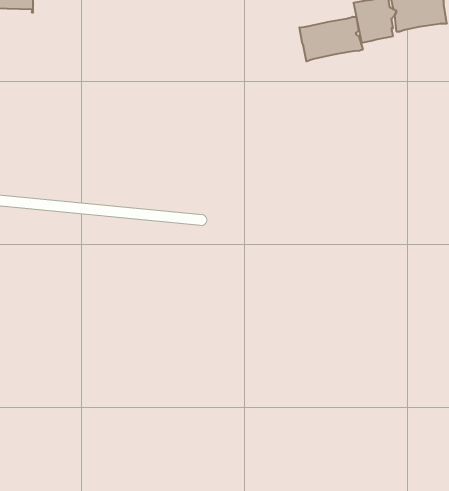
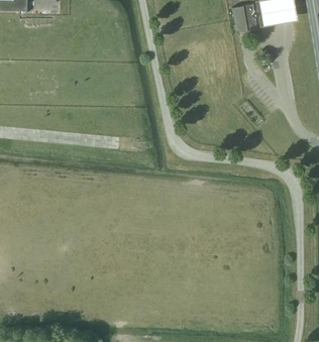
building: [299,17,363,61] -> none

